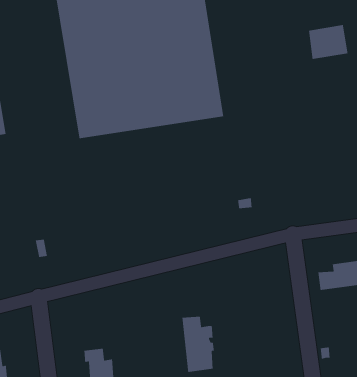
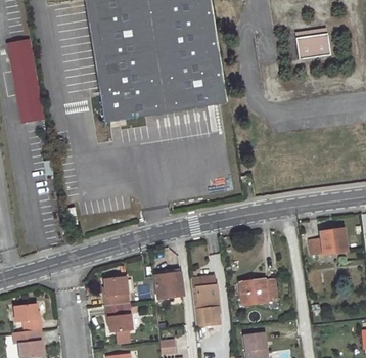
building: none -> [155,271,184,301]
building: none -> [105,276,129,306]
building: none -> [237,277,278,306]

